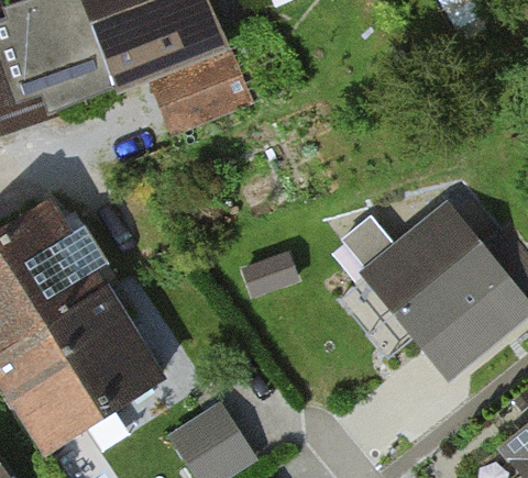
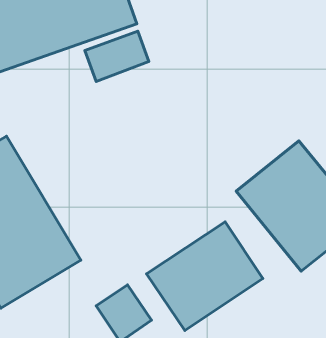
building: none -> [146,222,263,330]

